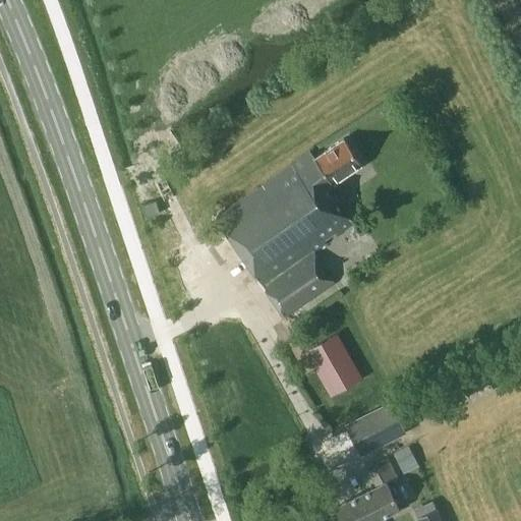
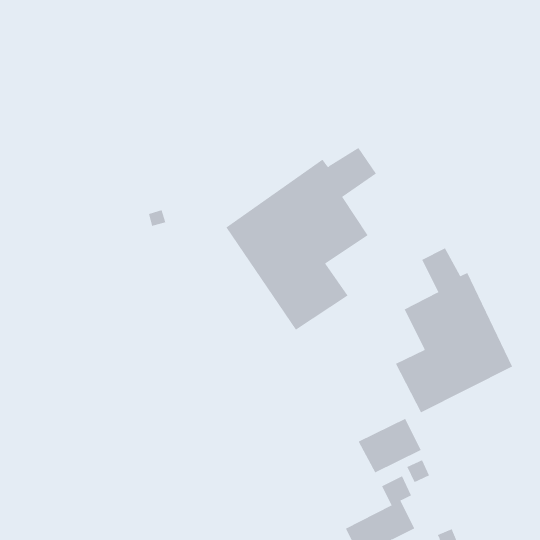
building: none -> [395,247,513,413]
building: [305,334,363,397] -> none

